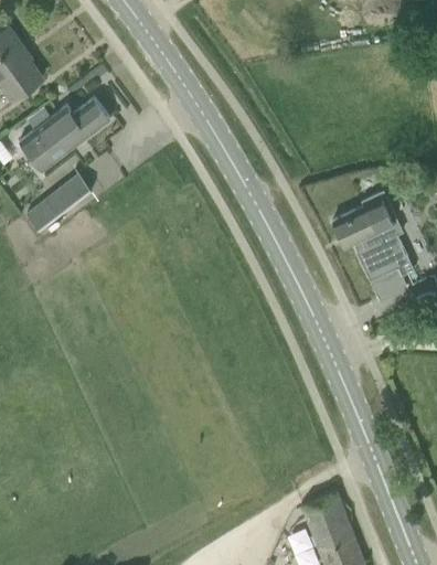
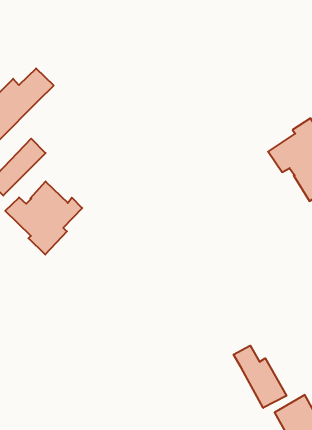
building: none -> [5,181,82,255]
building: none -> [234,346,286,408]

